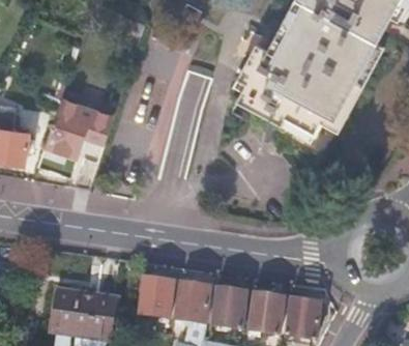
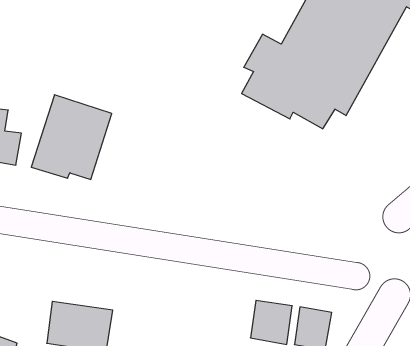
building: [139,273,176,314] -> none
building: [174,279,209,319] -> none
building: [210,285,247,324] -> none

